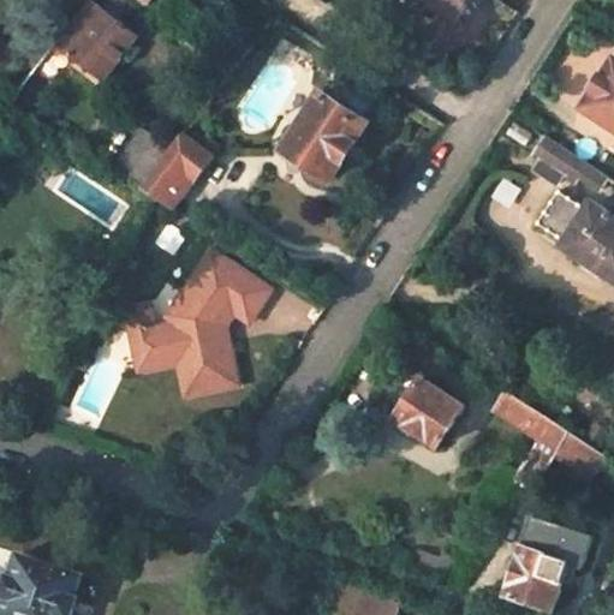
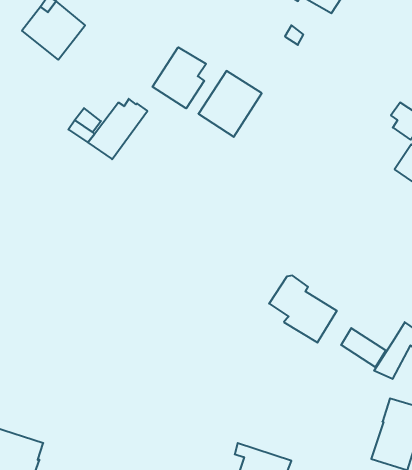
building: none -> [153,47,206,108]
building: [124,252,269,400] -> none
building: [493,392,550,442] -> [341,328,386,367]

